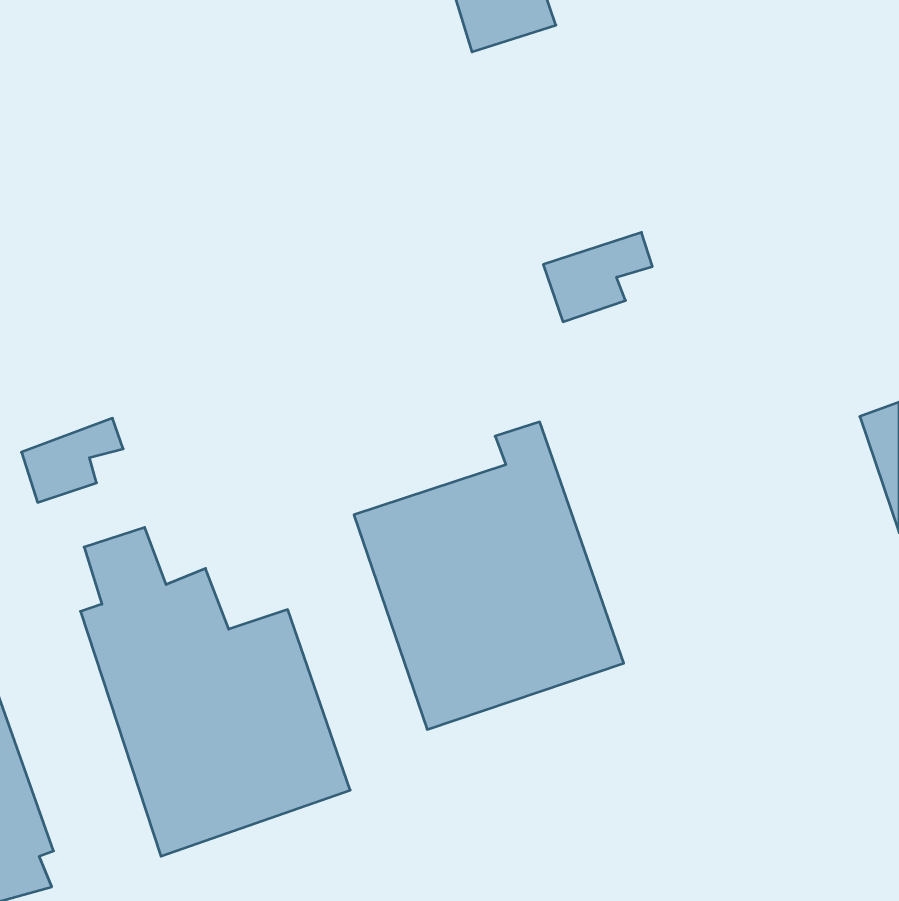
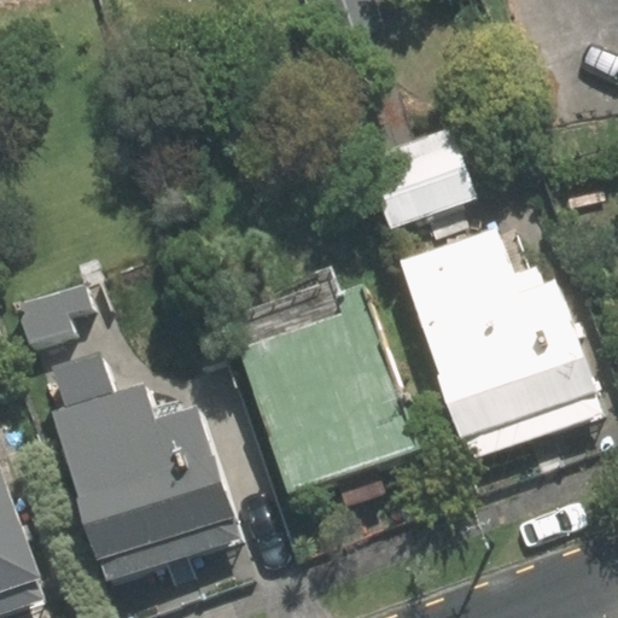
building: none -> [403,228,597,456]

